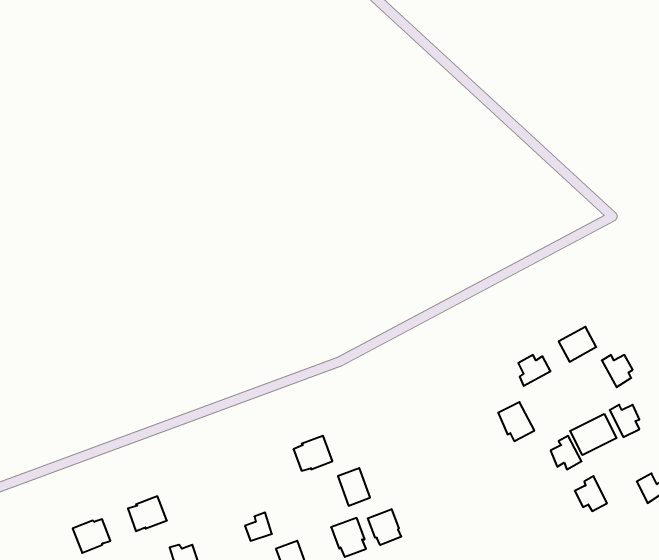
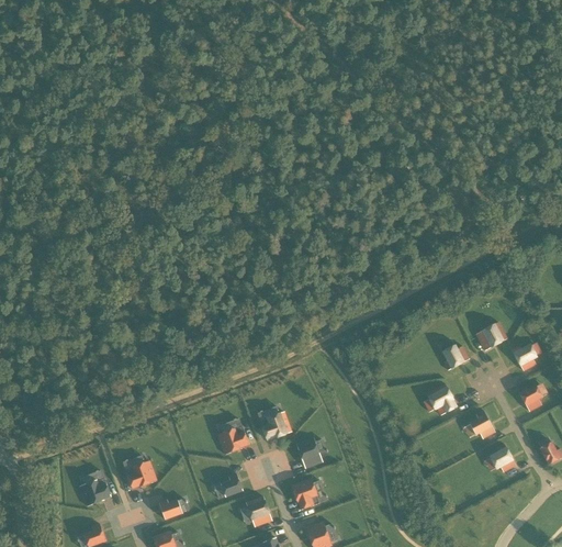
building: [570,414,617,455] -> none
building: none -> [217,426,249,455]
building: [368,509,401,545] -> none

